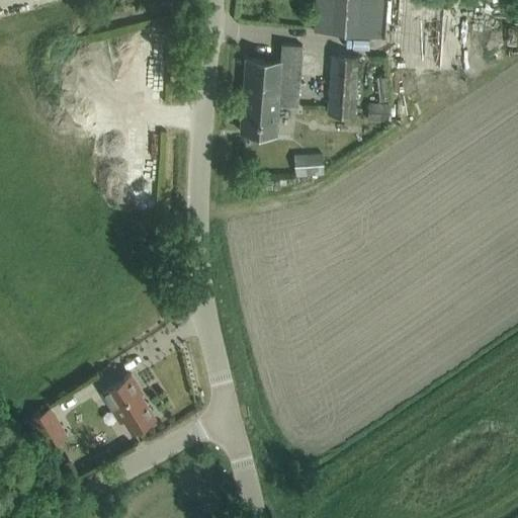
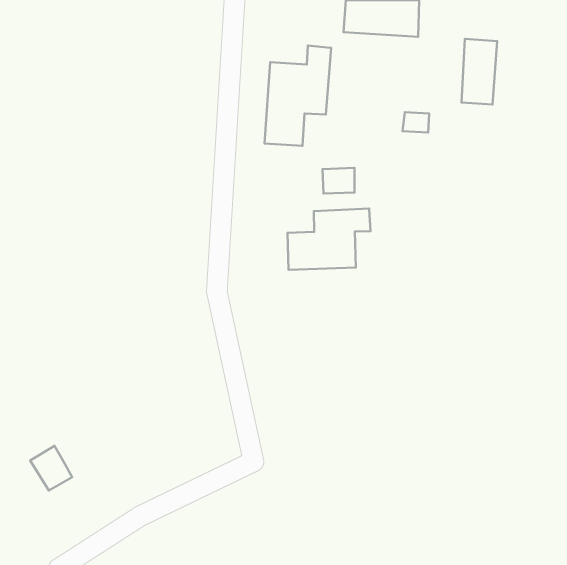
building: [328,58,360,117] -> [462,39,497,105]
building: none -> [287,208,371,270]
building: [102,375,155,432] -> none

